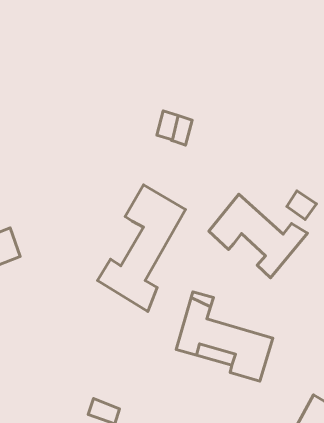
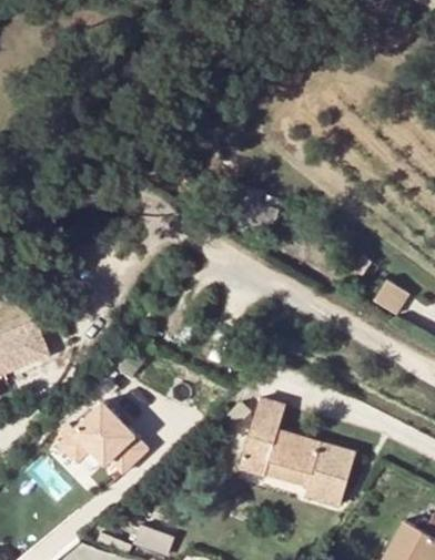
building: [98,185,186,311] -> none
building: [209,194,308,278] -> none
building: none -> [57,413,149,481]

